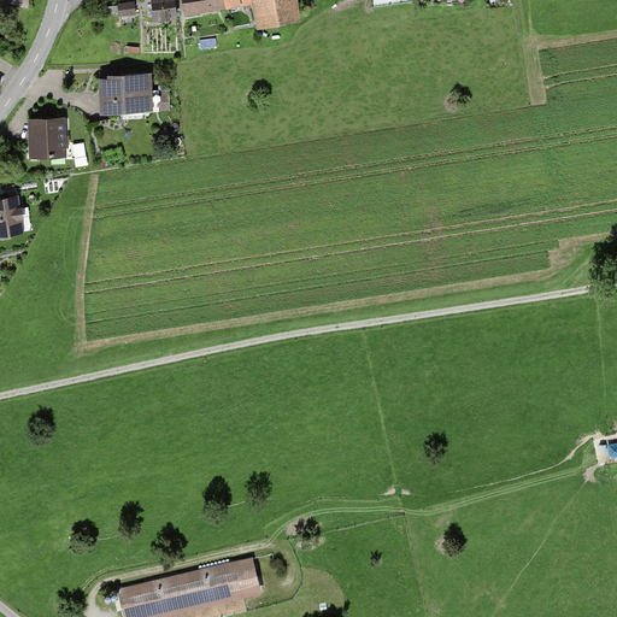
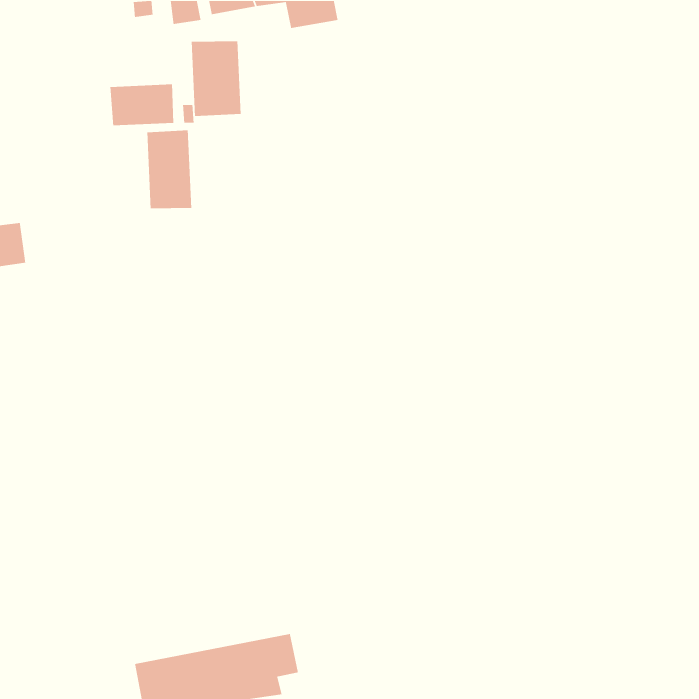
building: none -> [191,40,241,117]
building: none -> [146,130,192,209]
building: [28,117,64,158] -> none

